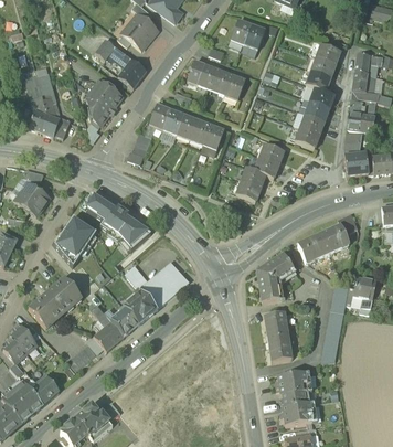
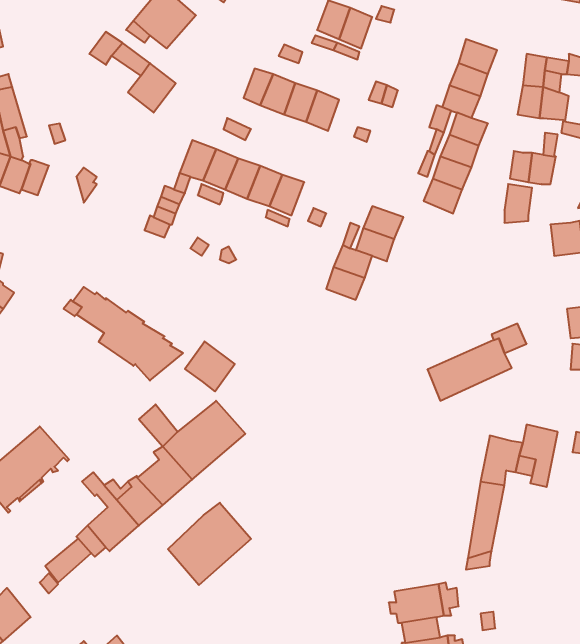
building: [87,78,123,124] -> none
building: [344,151,369,175] -> none
building: [54,215,96,265] -> none
building: none -> [185,341,235,391]
building: [257,253,295,301] -> none
building: [264,311,291,361] -> none
building: none -> [168,503,251,585]

